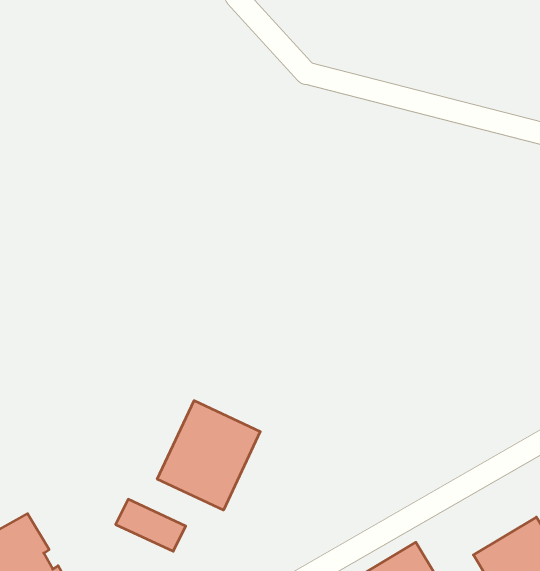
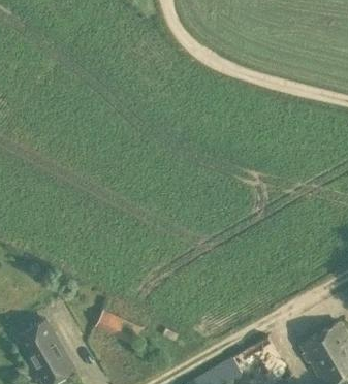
building: [157,401,260,510] -> none

